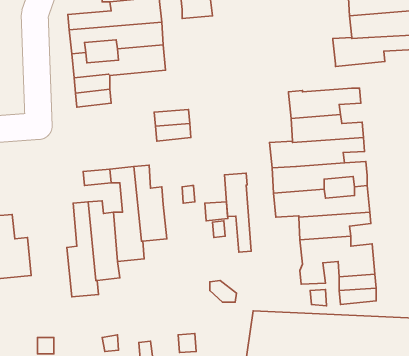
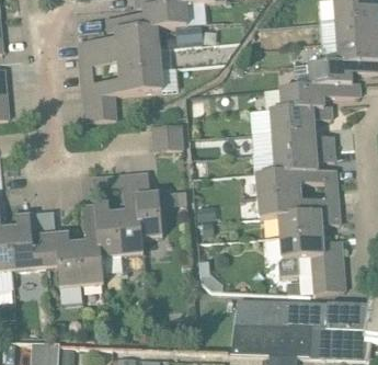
building: none -> [278,82,359,109]
building: [225,173,251,252] -> none
building: none -> [43,232,81,287]

